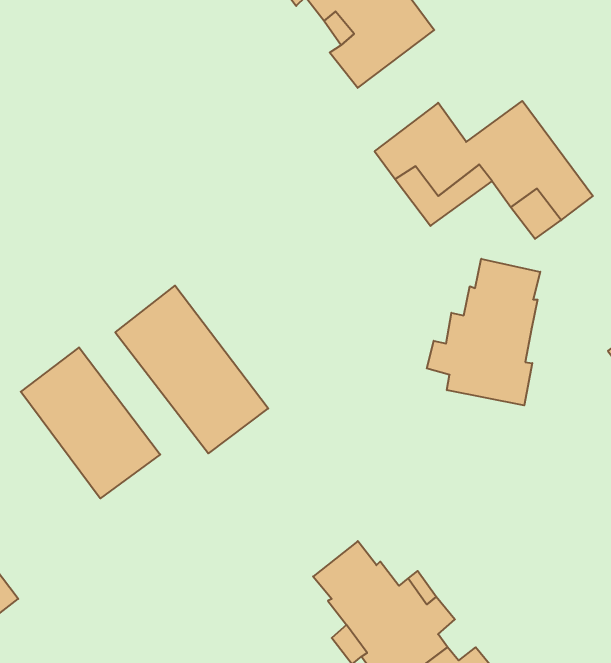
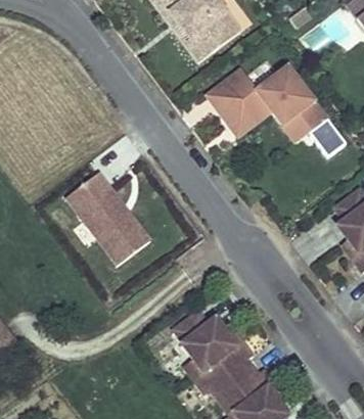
building: [427,259,540,405] -> none
building: [21,347,160,498] -> none

